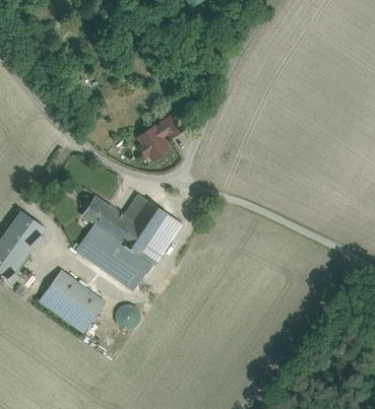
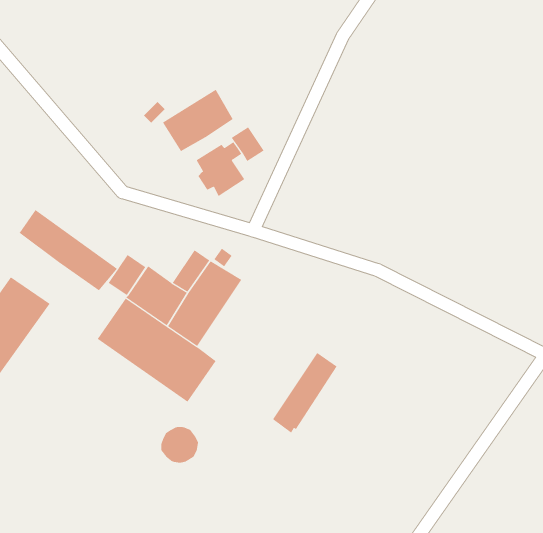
building: none -> [162,89,233,152]
building: none -> [19,209,118,291]
building: [139,213,181,265] -> [272,352,338,433]
building: [40,271,105,332] -> none

